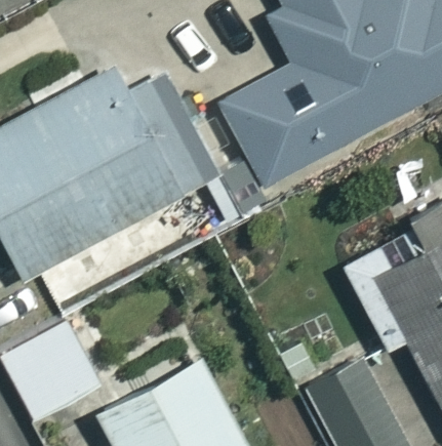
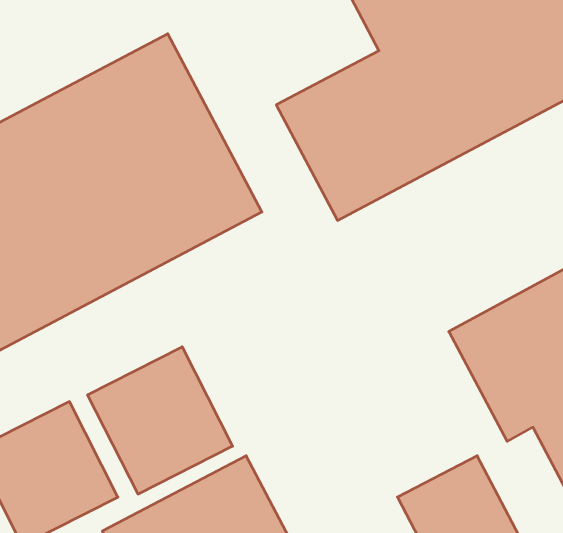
building: none -> [88,347,233,494]

